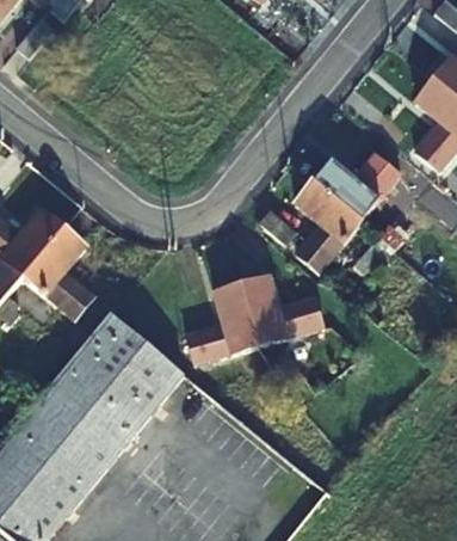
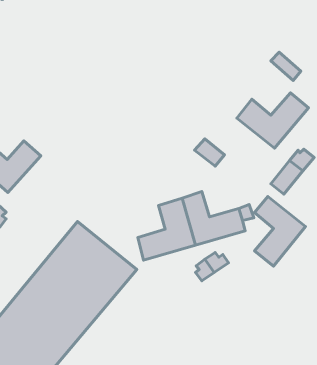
building: [294,183,358,271] -> [255,196,305,266]
building: [20,230,89,320] -> none

